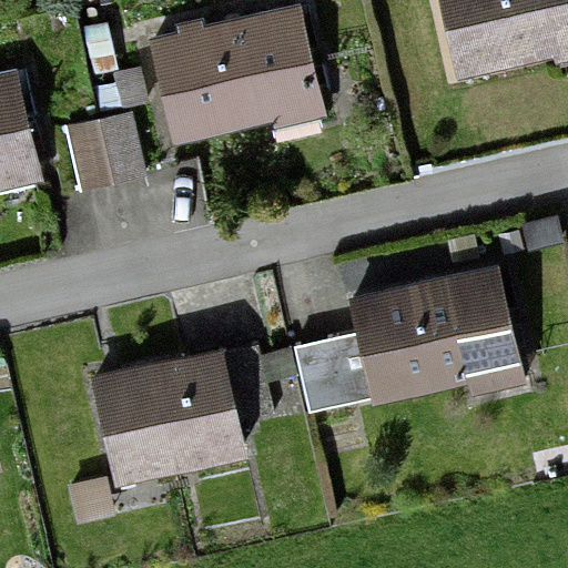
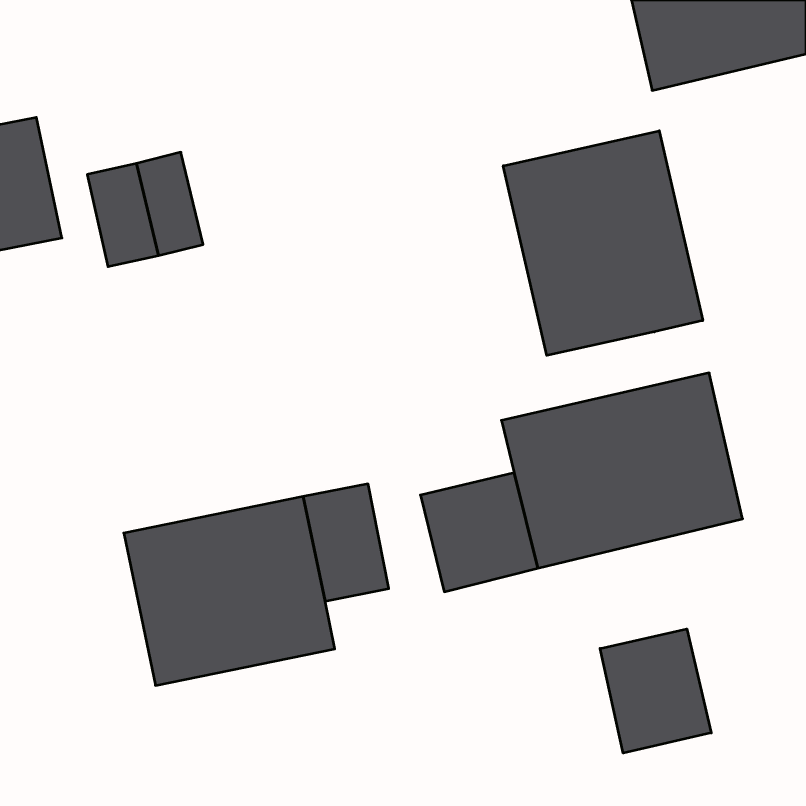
building: [162,26,325,142] -> none
building: none -> [503,131,703,355]
building: none -> [600,629,711,753]

